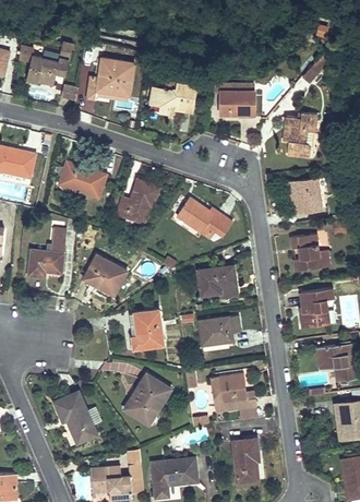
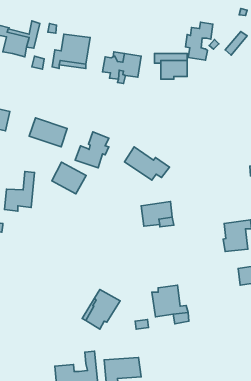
building: [284,112,317,159] -> [185,22,213,60]
building: [289,180,322,213] -> none
building: [290,235,325,272] -> none
building: [84,256,127,296] -> [52,162,86,194]
building: [132,311,164,349] -> none
building: [199,316,240,347] -> none
building: [55,392,96,443] -> none
building: [232,440,259,482] -> none

